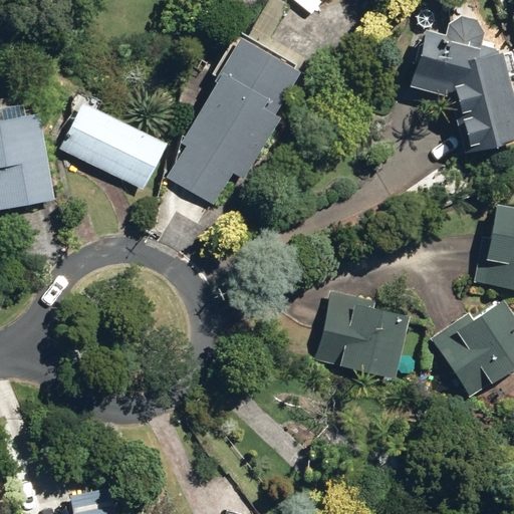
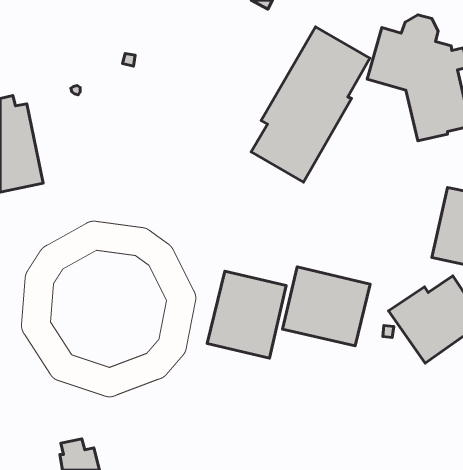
building: [170,40,299,210] -> [251,27,370,182]
building: [59,102,167,189] -> none
building: none -> [207,271,286,358]

